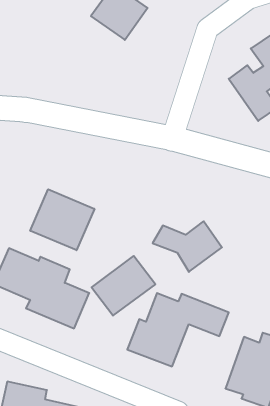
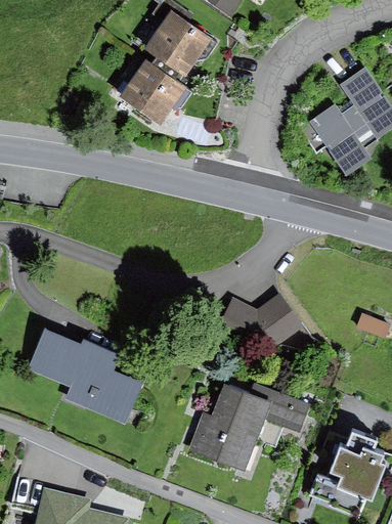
building: none -> [120,59,186,126]
building: [30,189,94,250] -> none
building: [92,256,155,316] -> none

